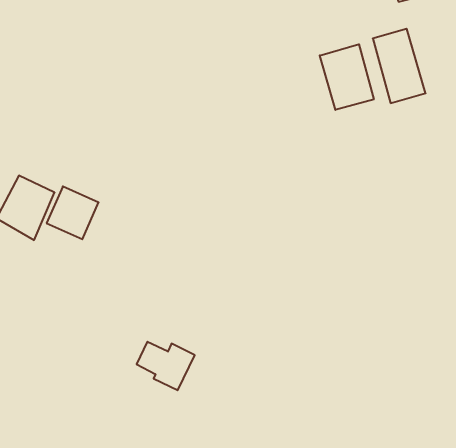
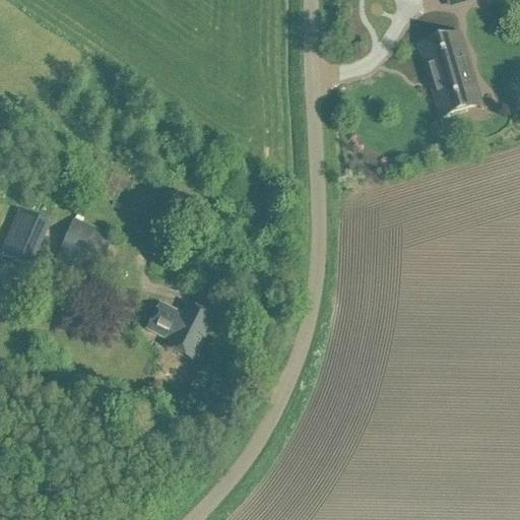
building: [320,44,374,110] -> none
building: [137,342,195,390] -> [145,298,211,352]

